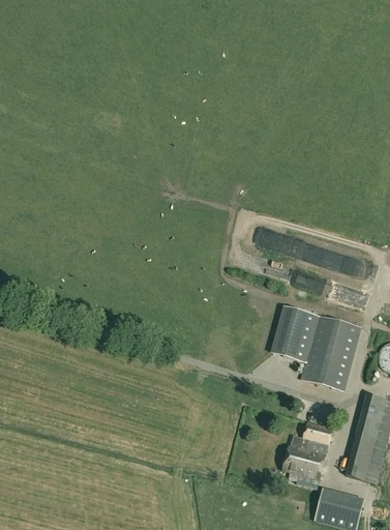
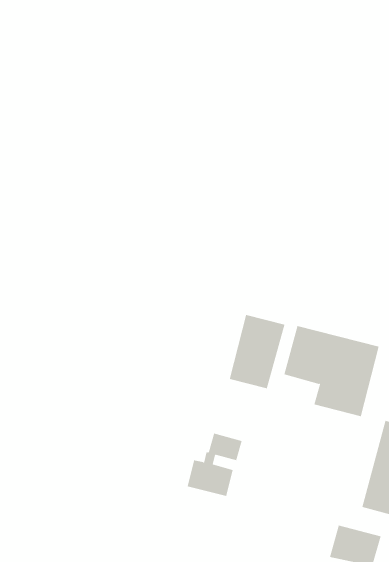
building: none -> [229,314,285,389]
building: [282,420,334,479] -> [187,433,243,496]

